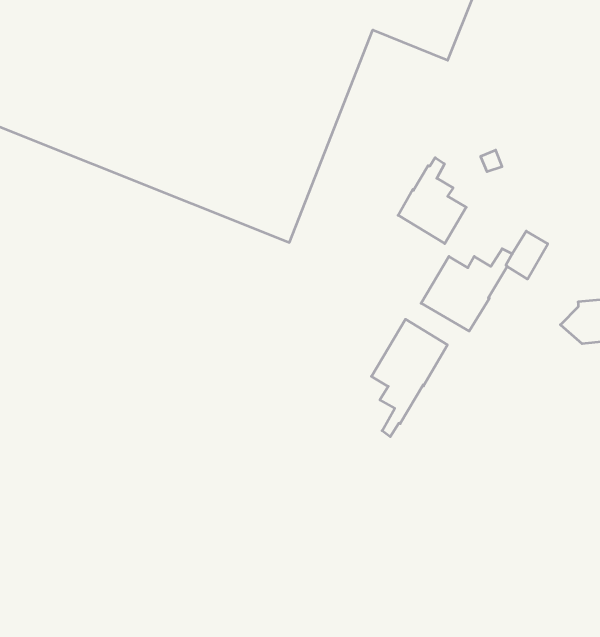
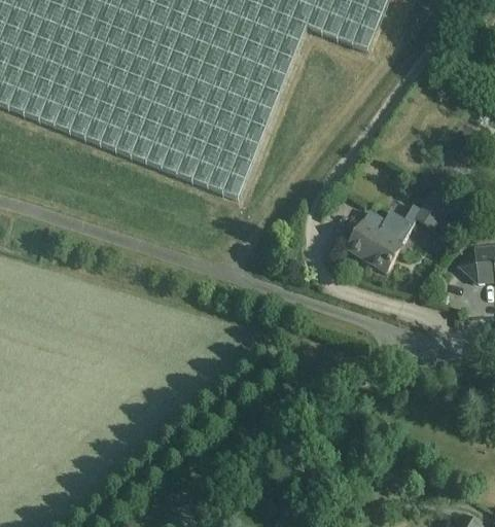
building: [398,158,466,244] -> none
building: [371,319,447,437] -> none

